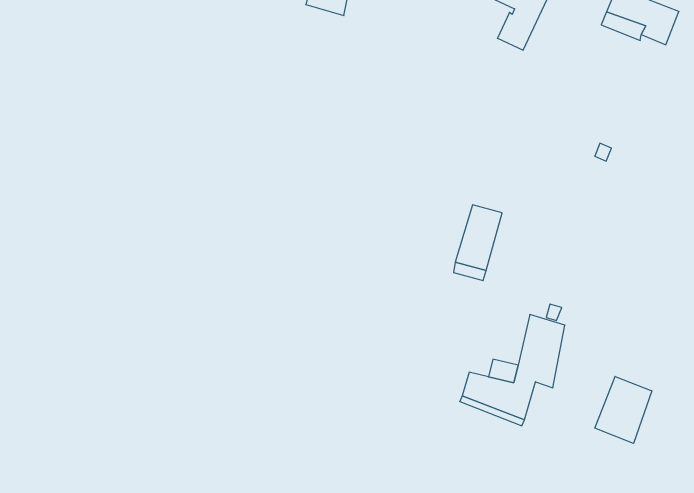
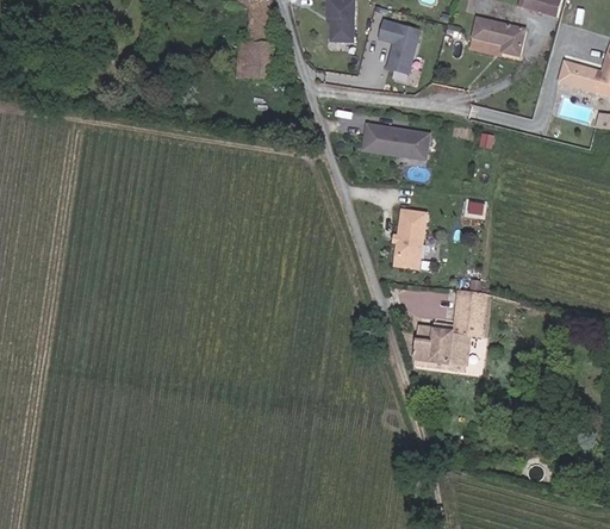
building: none -> [362,124,428,157]
building: [595,376,652,443] -> none

